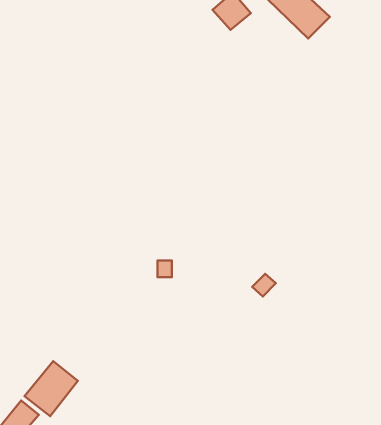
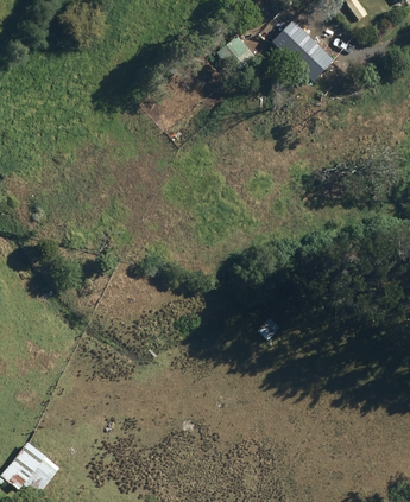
building: [25,361,78,416] -> none

